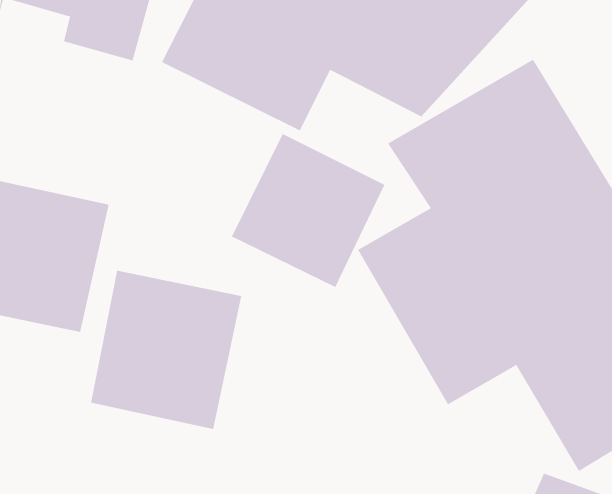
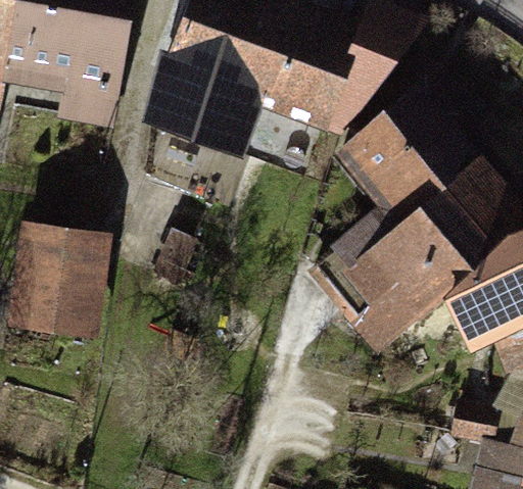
building: [231,133,385,288] -> none
building: [90,270,242,430] -> none

